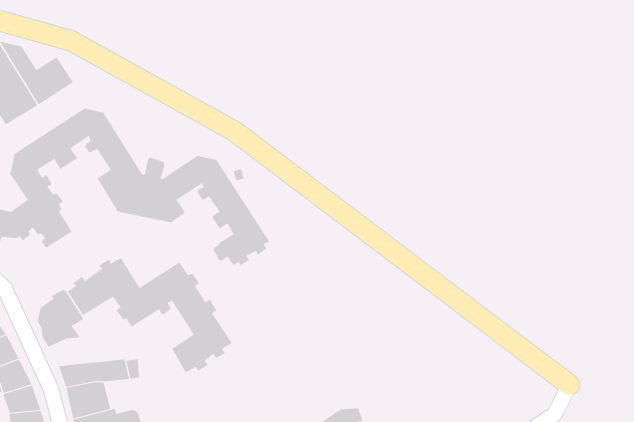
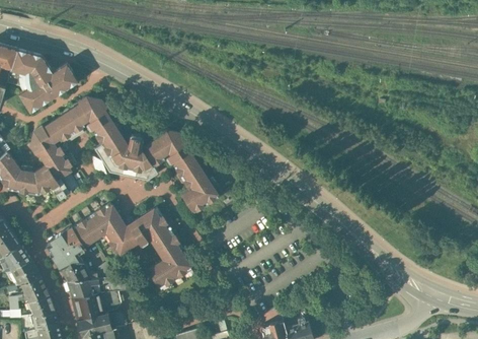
building: none -> [60,262,90,282]

